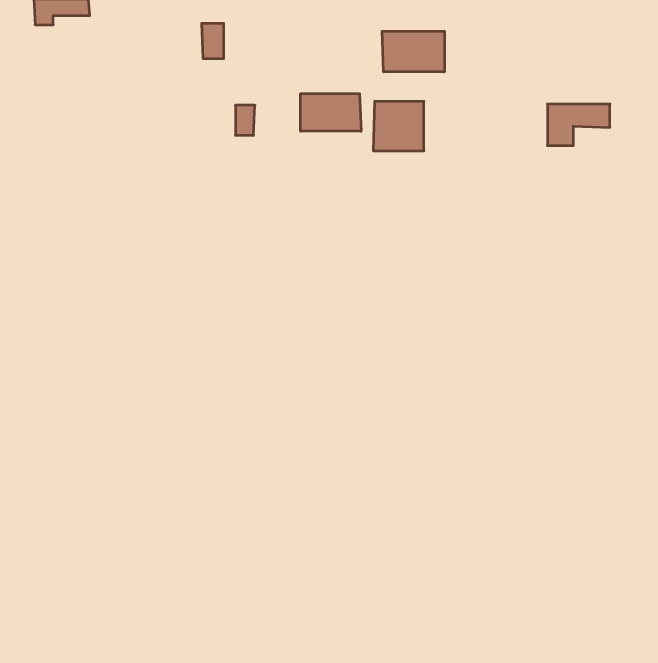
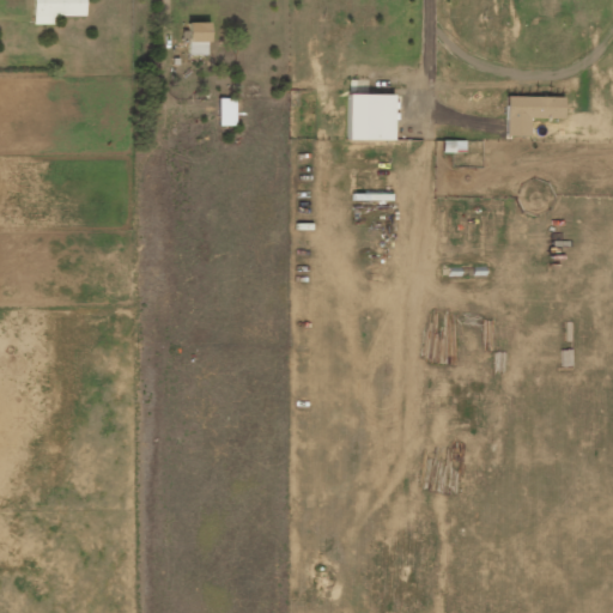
building: [382,31,444,72] -> none
building: [301,94,361,131] -> none

